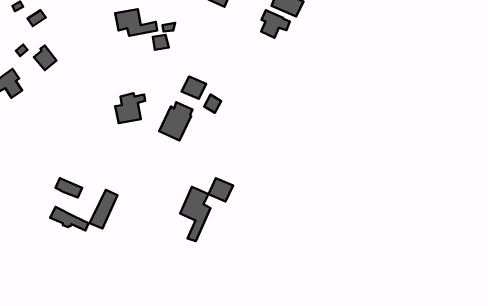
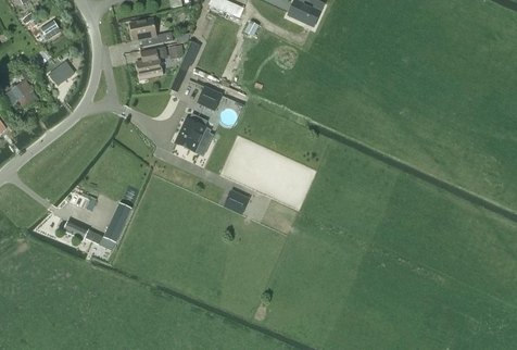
building: [261,10,290,38] -> none
building: [115,93,145,123] -> [136,48,166,78]
building: [180,187,210,241] -> none

